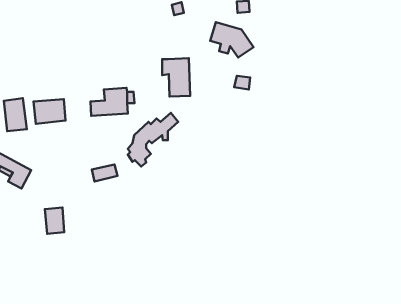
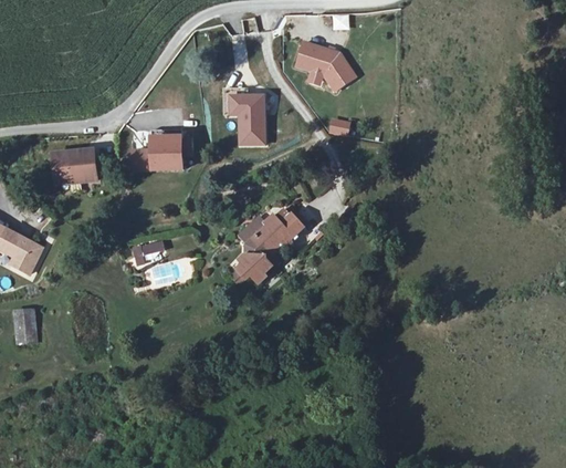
building: [4,98,27,131] -> none
building: [128,113,178,166] -> [235,212,305,287]
building: [45,207,64,234] -> [11,305,38,342]

